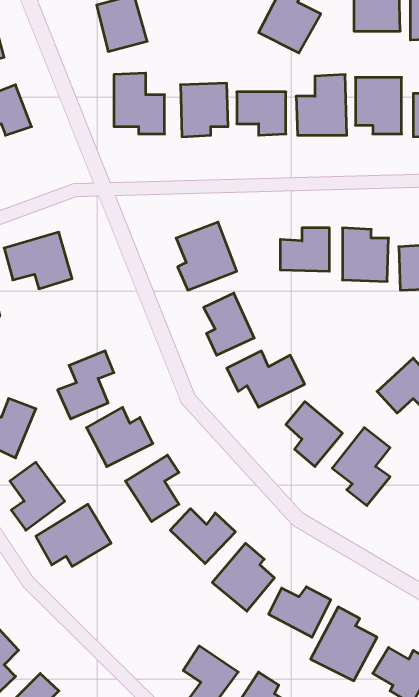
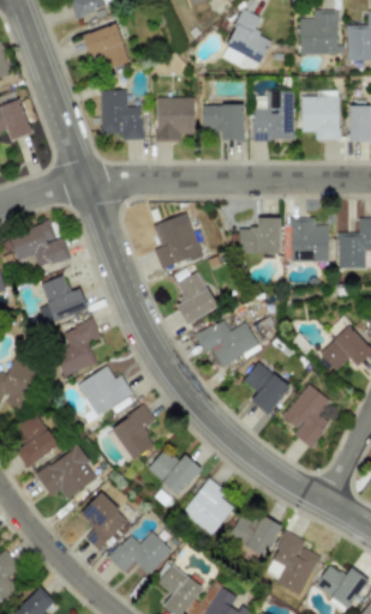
building: none -> [42,276,88,321]
building: none -> [80,492,131,552]
building: none -> [109,531,172,574]

